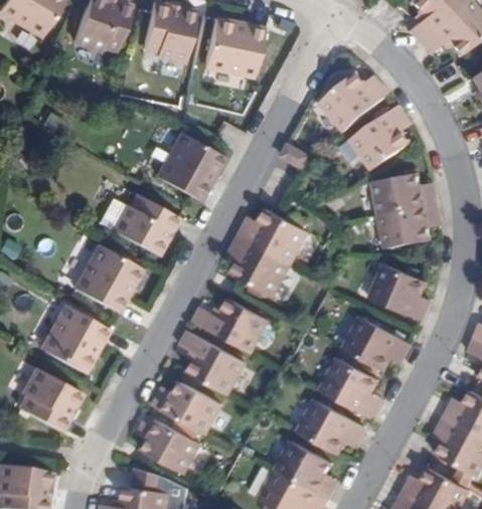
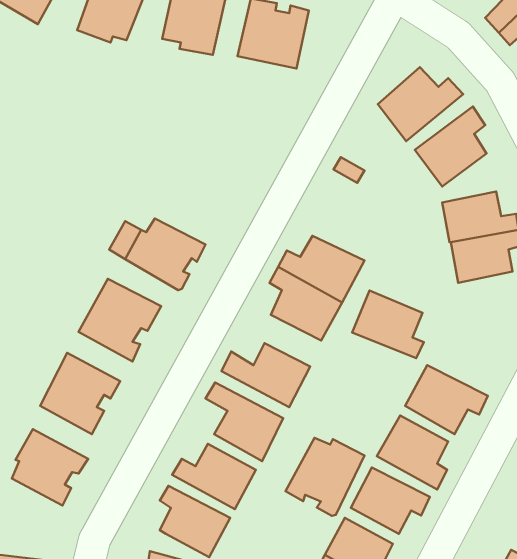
building: [157,136,223,201] -> none
building: [368,266,427,321] -> [352,291,424,358]
building: none -> [285,438,364,516]

